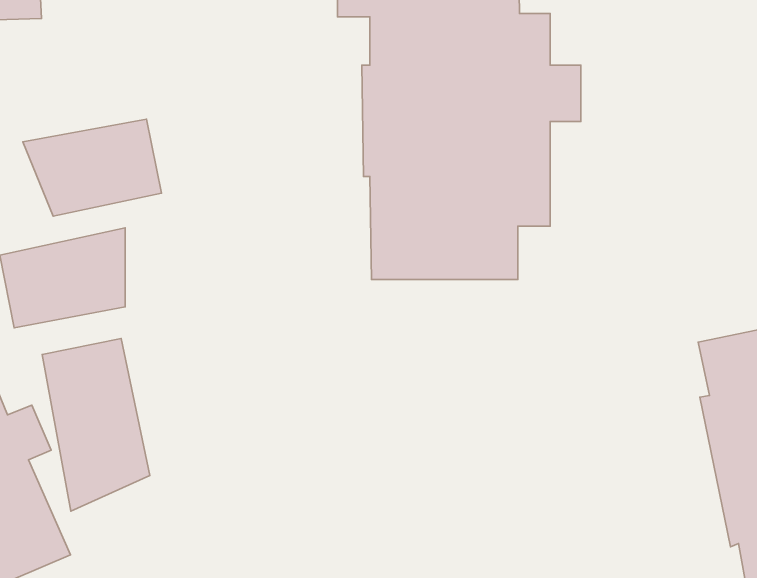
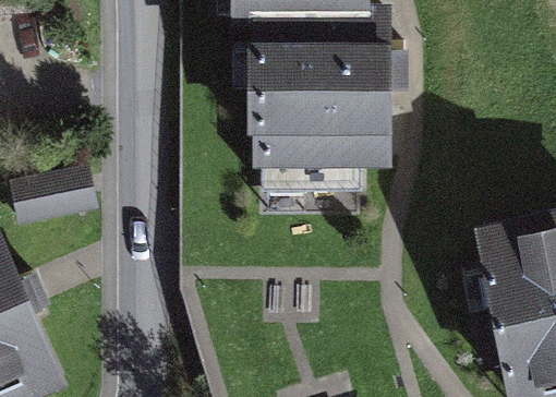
building: [23,119,161,216] -> none
building: [42,339,150,511] -> none

